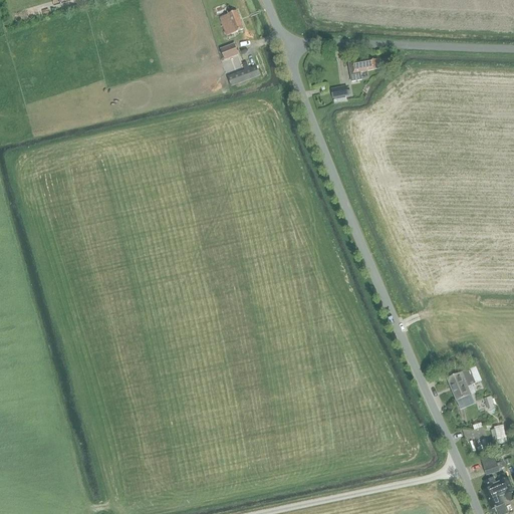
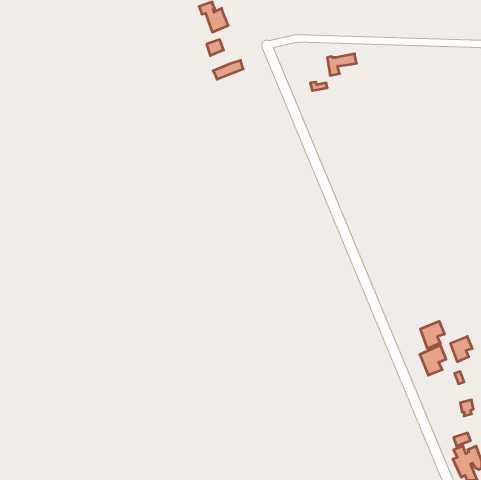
building: none -> [420,321,444,349]
building: none -> [451,336,472,362]

